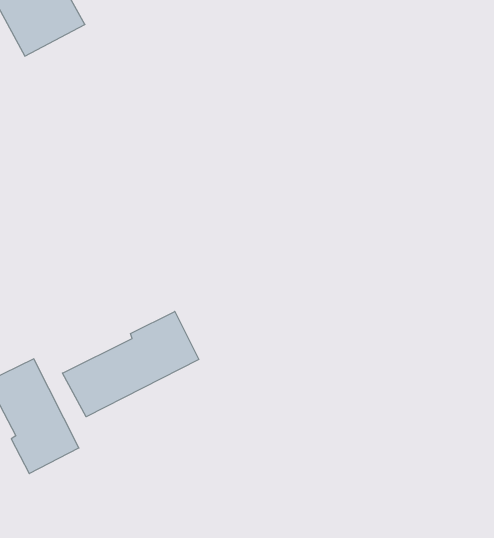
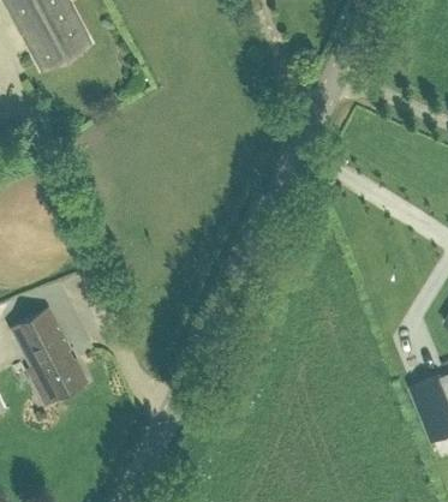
building: [62,311,199,417] -> none

